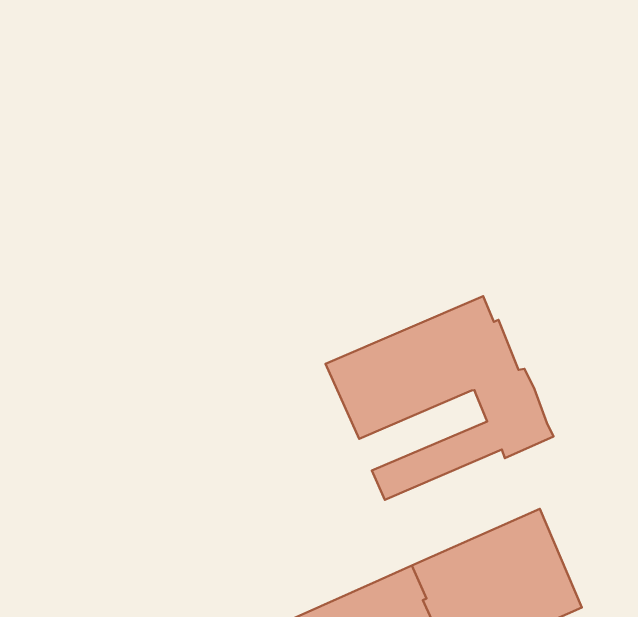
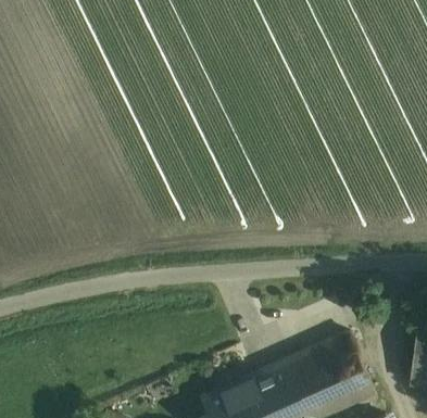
building: [326,296,553,500] -> none

